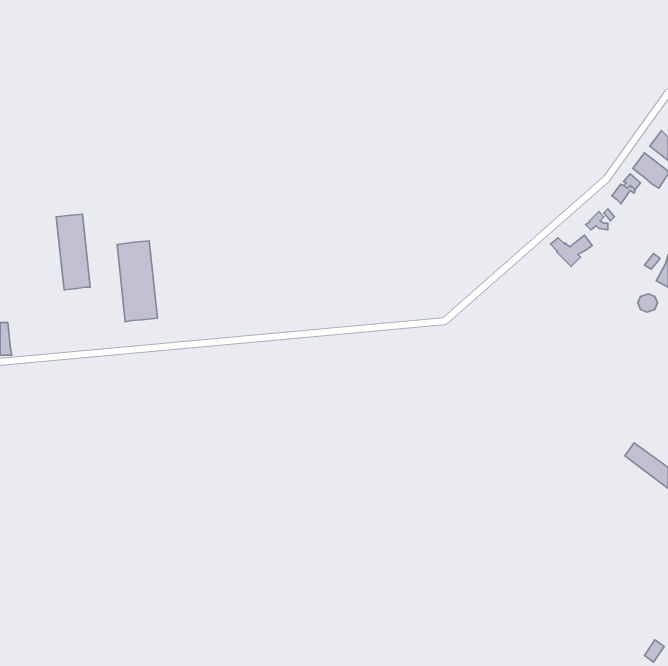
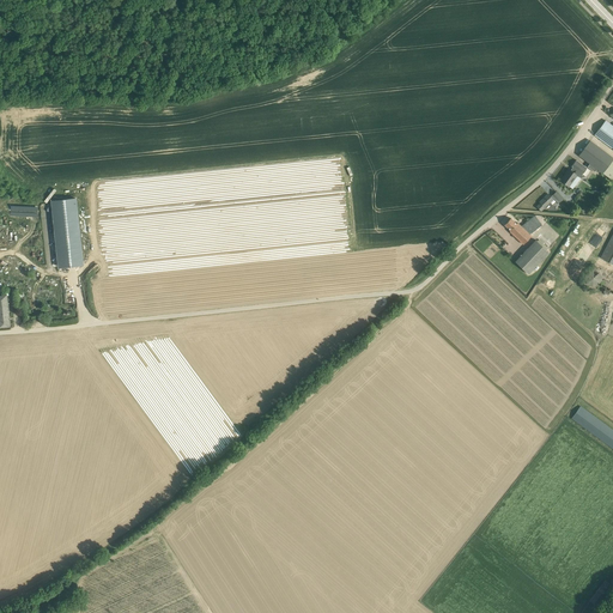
building: [117,241,157,322] -> none
building: none -> [515,241,550,275]

